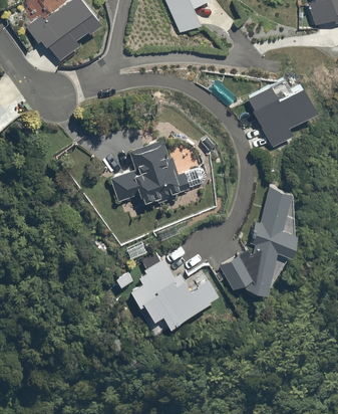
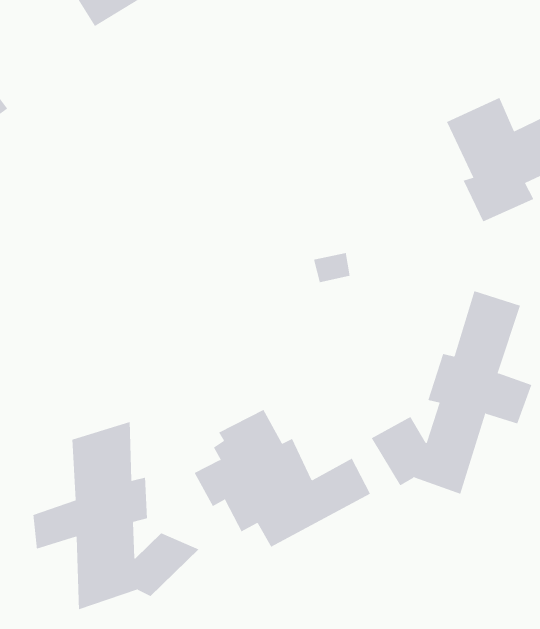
building: [108,144,183,206] -> none
building: none -> [33,421,200,610]

